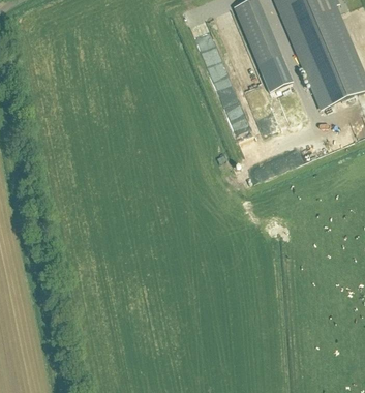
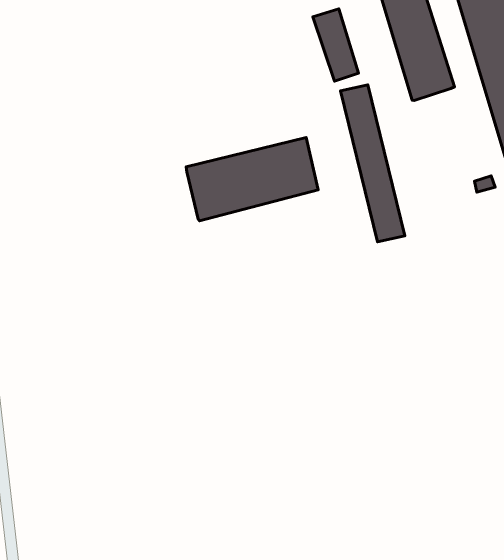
building: [256,55,292,92] -> none
building: none -> [186,138,318,221]

